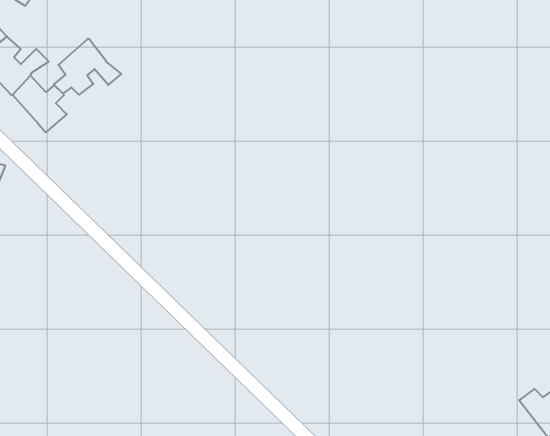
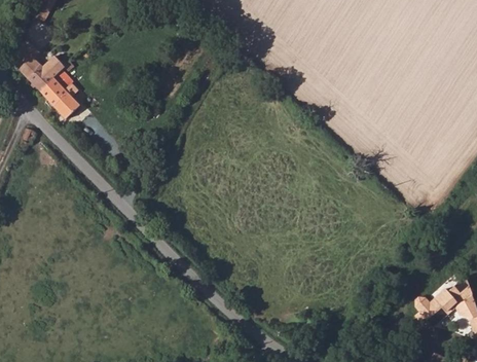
building: [54,39,121,95] -> none

